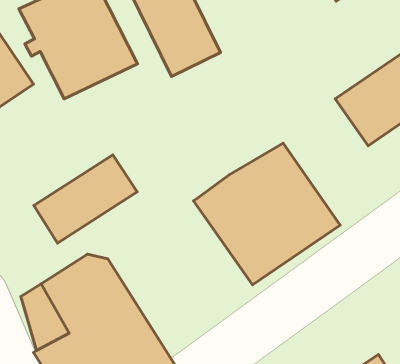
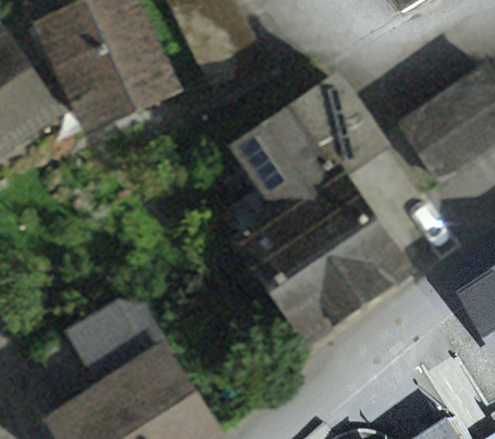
building: none -> [225,79,377,239]
building: [34,155,137,243] -> none

